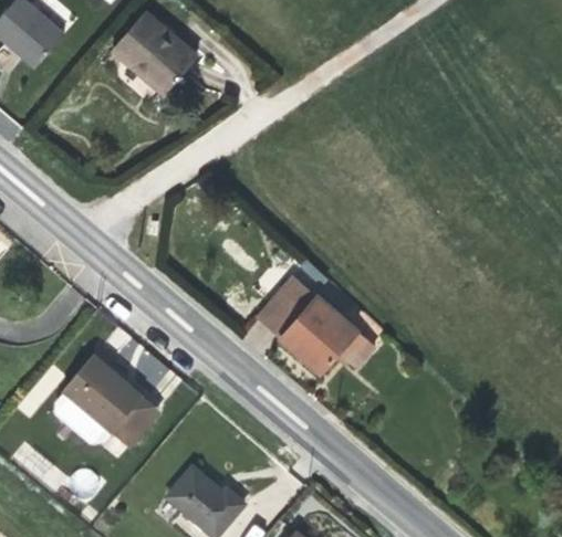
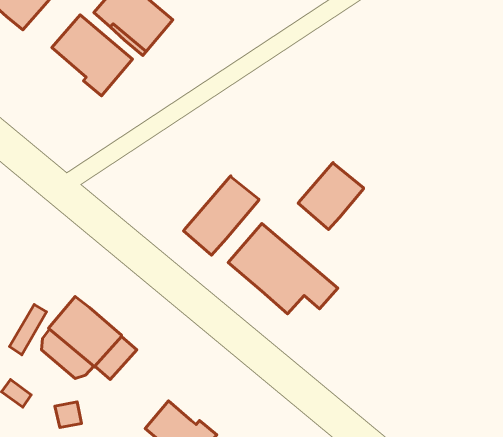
building: none -> [52,15,132,96]
building: none -> [298,162,364,229]
building: none -> [183,176,259,255]

